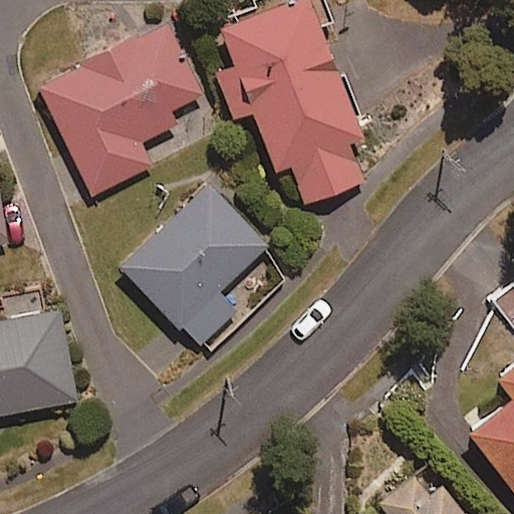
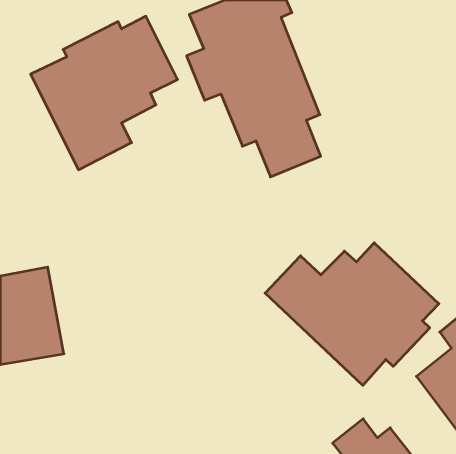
building: [121,184,294,356] -> none
building: none -> [265,243,439,385]

